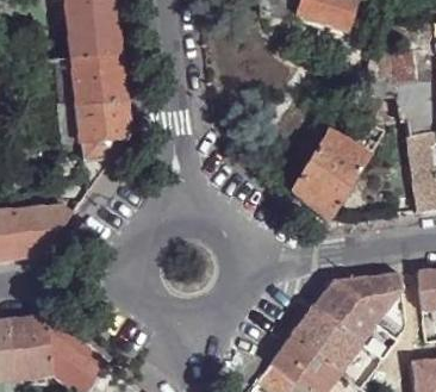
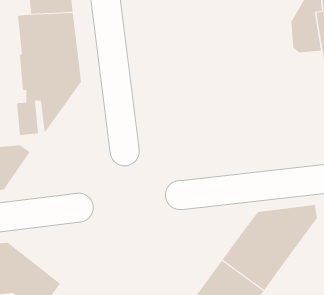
building: [291,129,370,223] -> none

